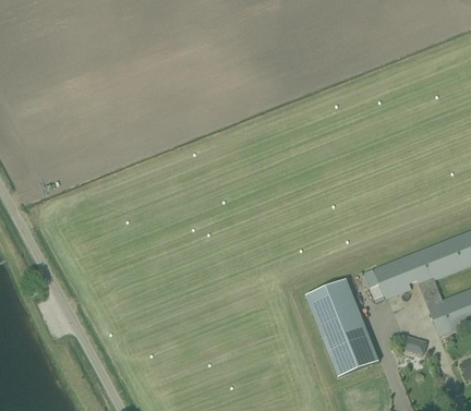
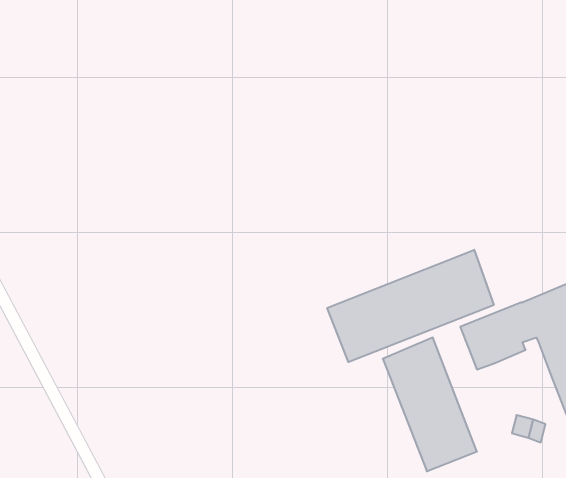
building: none -> [327,250,494,362]

